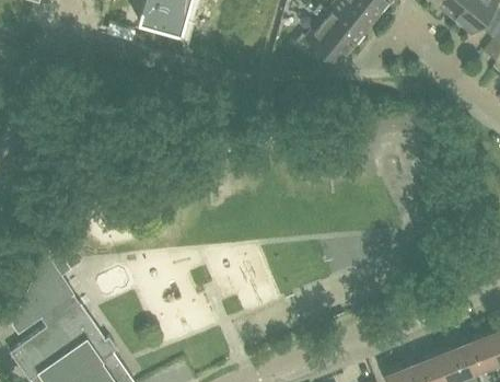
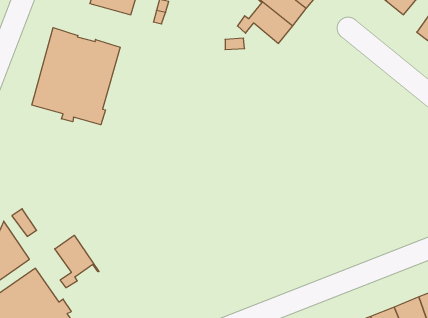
building: none -> [32,28,120,125]
building: none -> [55,235,99,288]

